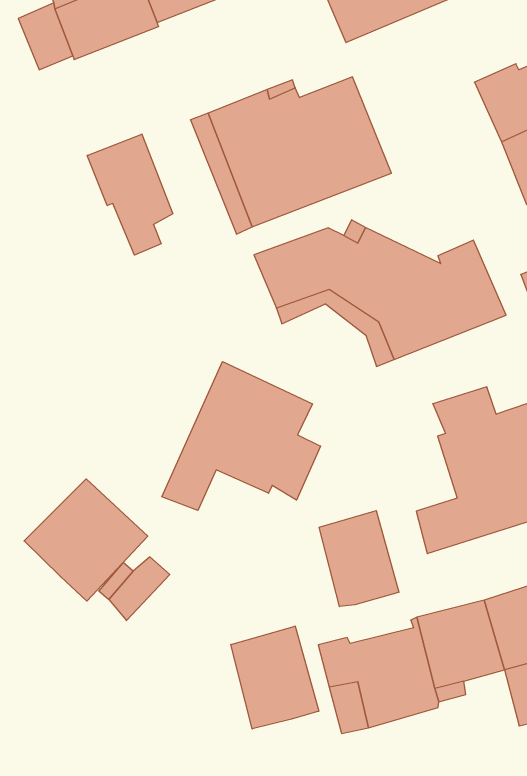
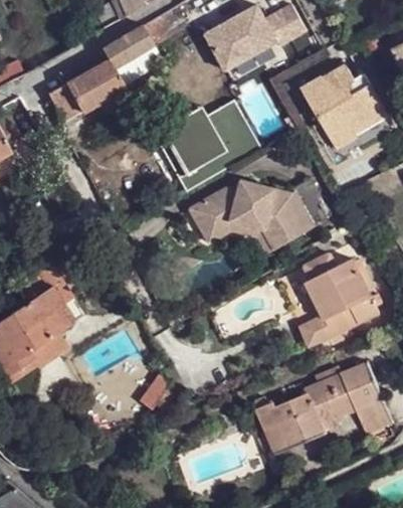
building: [87,134,173,255] -> none
building: [162,362,321,510] -> none
building: [24,479,148,601] -> none
building: [319,511,399,607] -> none
building: [231,626,319,729] -> none

